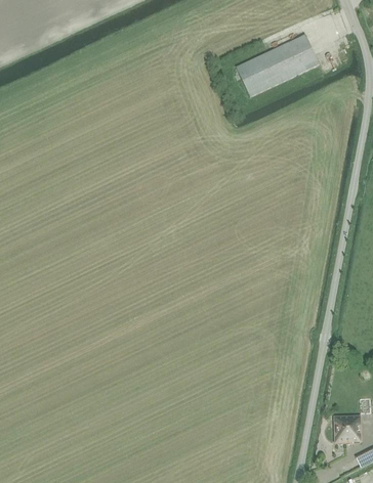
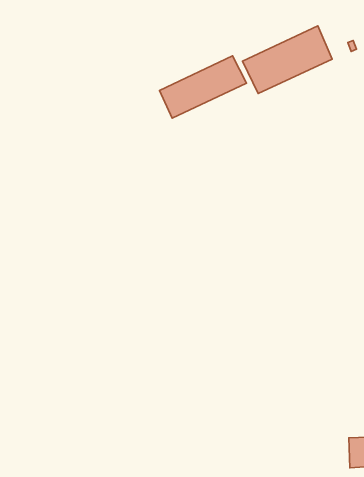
building: none -> [160,56,247,118]

